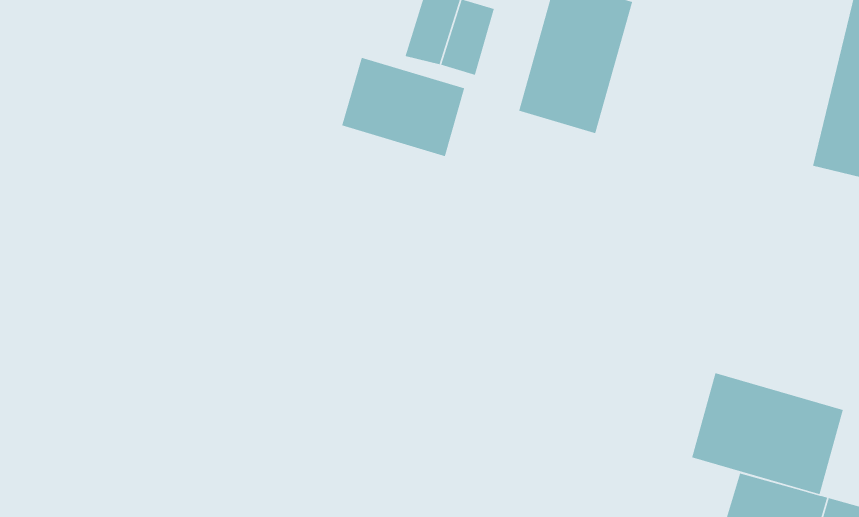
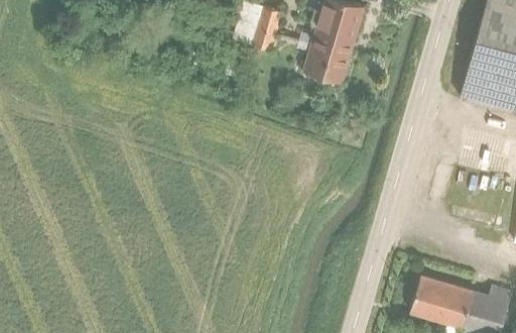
building: [341,57,465,157] -> none
building: [691,372,844,495] -> none

